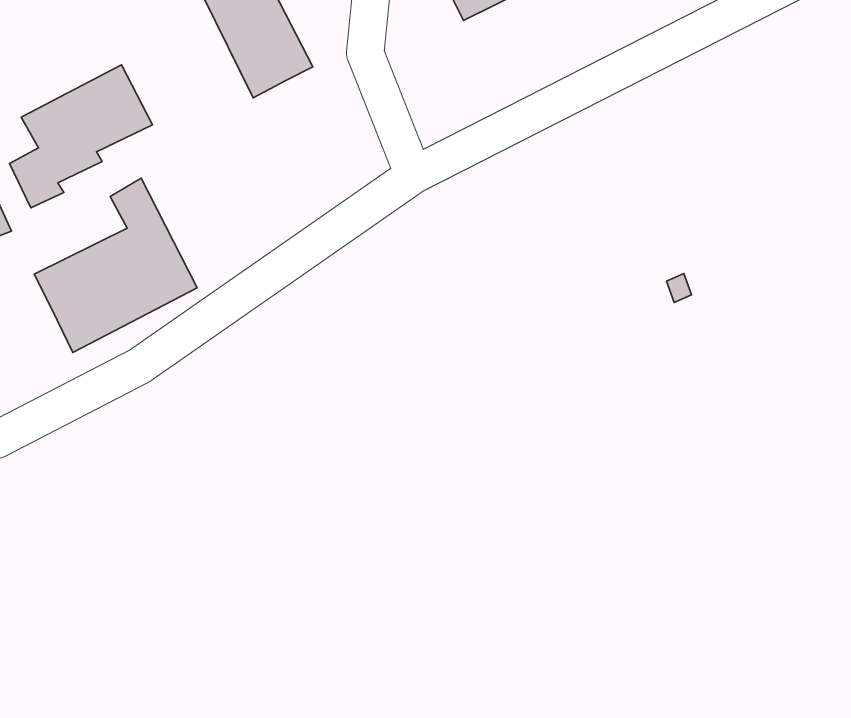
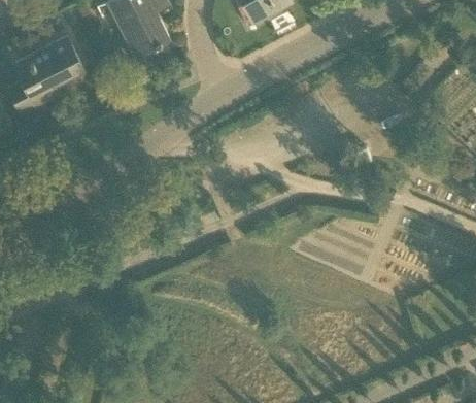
building: [34,178,197,353] -> none

